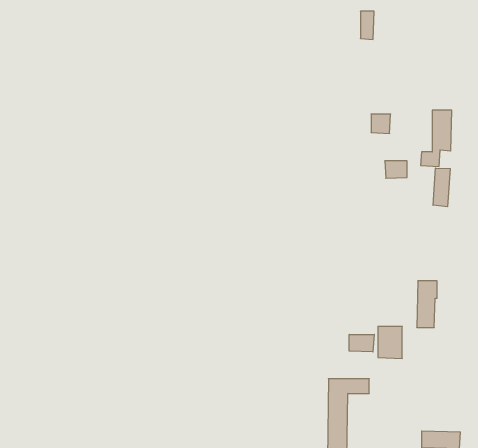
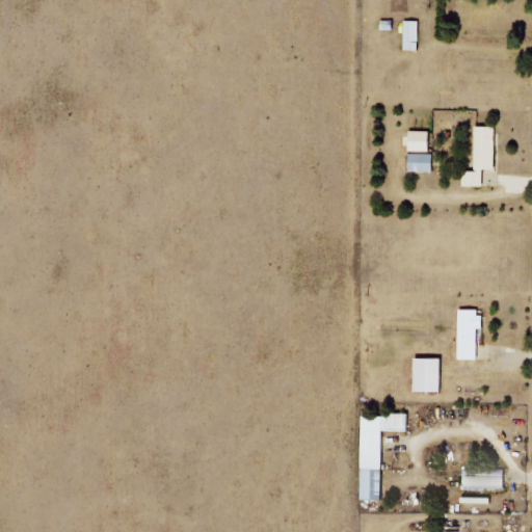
building: [385,161,407,178] -> [406,154,430,172]
building: [433,168,450,207] -> none
building: [349,334,374,352] -> none

